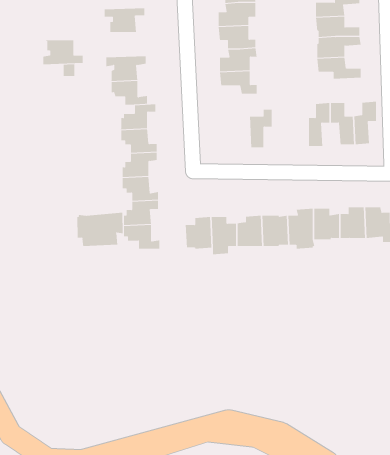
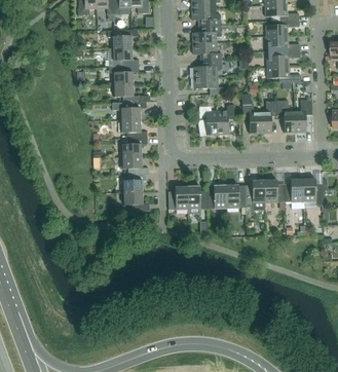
building: [43,40,84,65] -> [108,47,139,66]
building: none -> [241,94,260,133]
building: none -> [198,106,217,134]
building: [77,212,123,247] -> none

